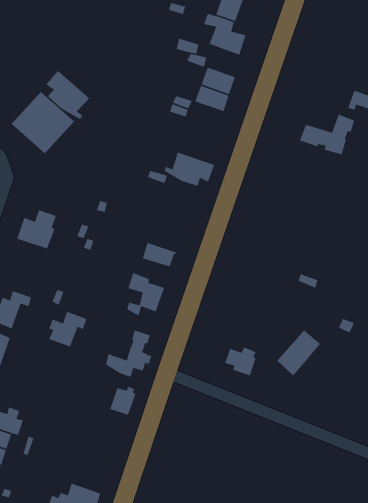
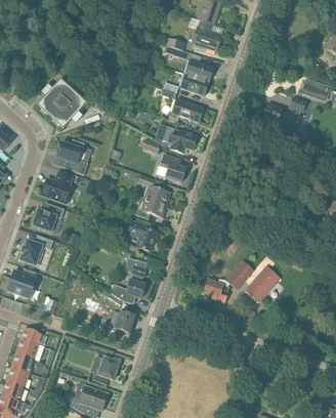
building: [45,70,90,120] -> none
building: none -> [172,99,203,122]
building: none -> [57,139,88,174]
building: none -> [161,153,186,182]
building: none -> [137,174,171,205]
building: [48,311,87,347] -> [33,203,64,232]
building: none -> [225,259,254,289]
building: none -> [92,358,119,384]

